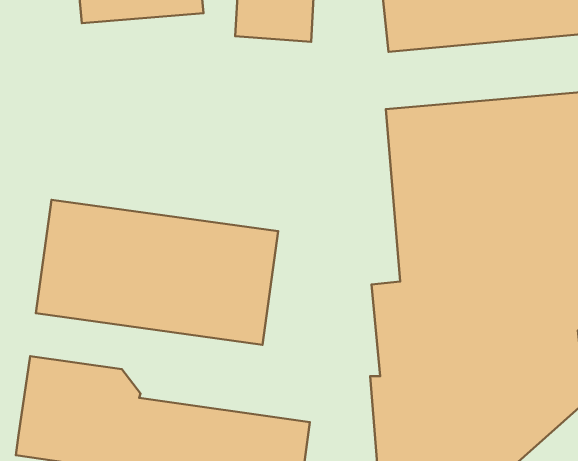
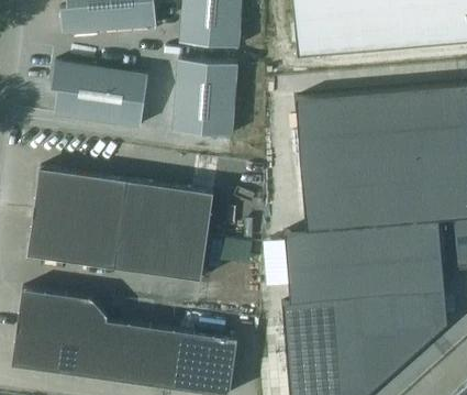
building: none -> [173,61,237,136]
building: none -> [52,63,148,128]

